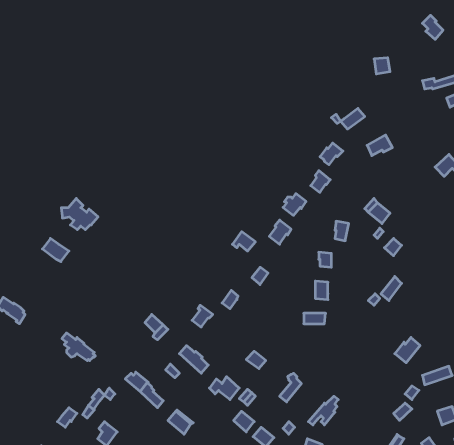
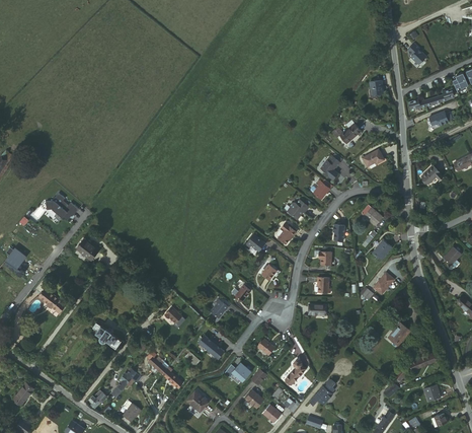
building: [61,198,98,230] -> [47,192,79,219]

